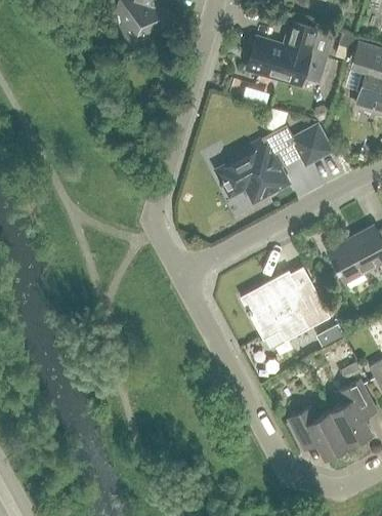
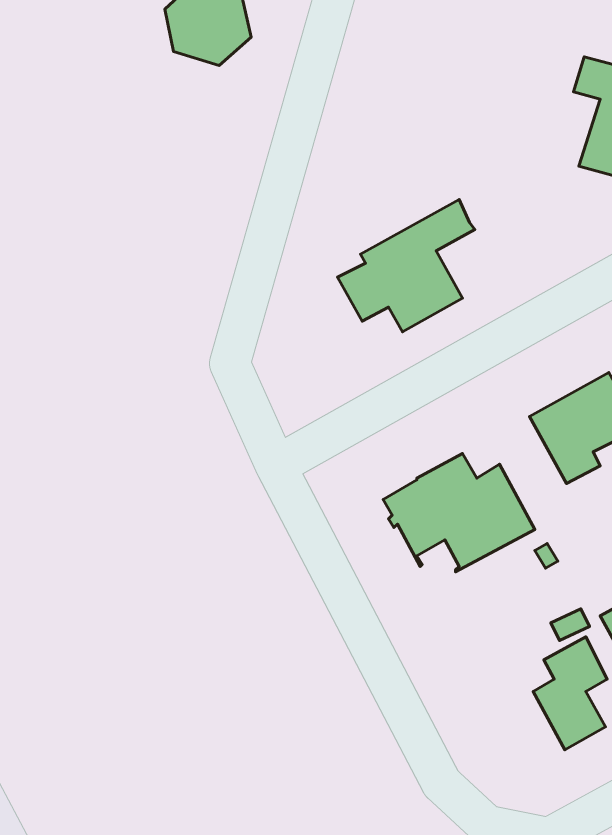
building: [246,22,328,86] -> none
building: [292,127,326,163] -> none
building: [287,406,347,458] -> none

